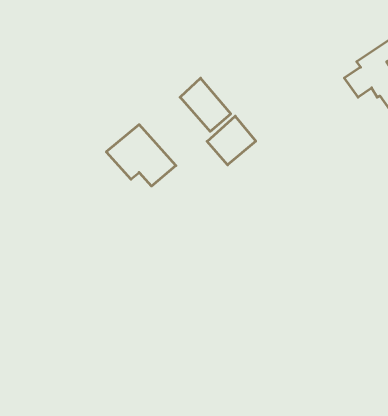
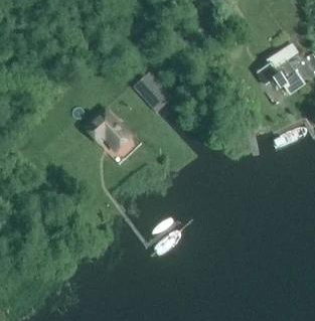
building: [207,116,256,165] -> none

